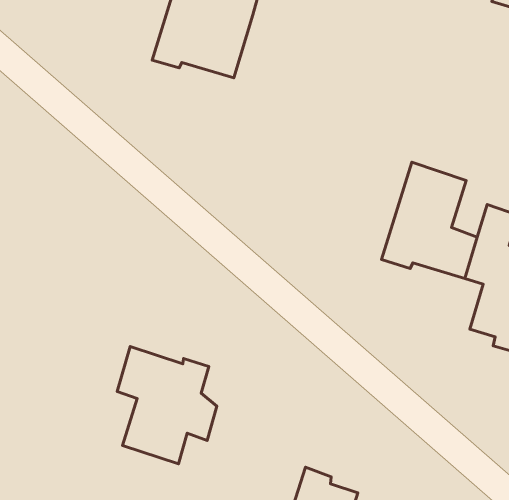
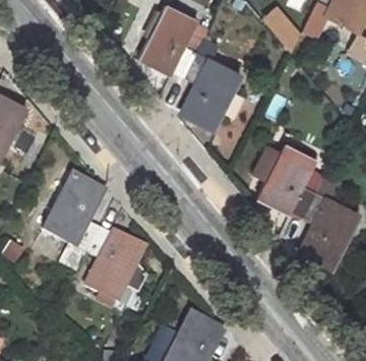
building: none -> [187,40,243,126]
building: none -> [46,175,102,262]

